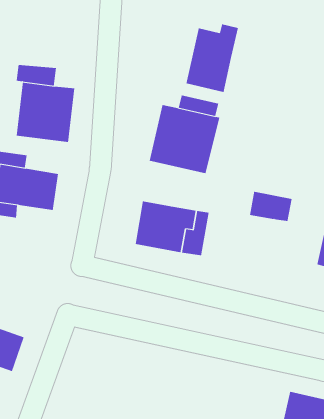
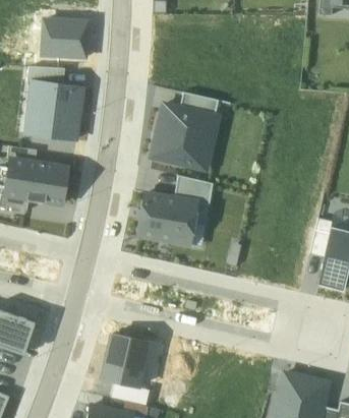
building: none -> [41,18,88,57]
building: [186,23,239,93] -> none
building: [249,191,292,222] -> [173,176,214,204]
building: none -> [101,334,149,385]

